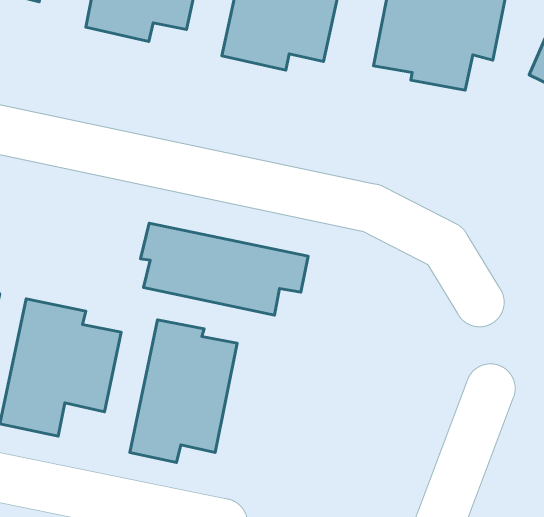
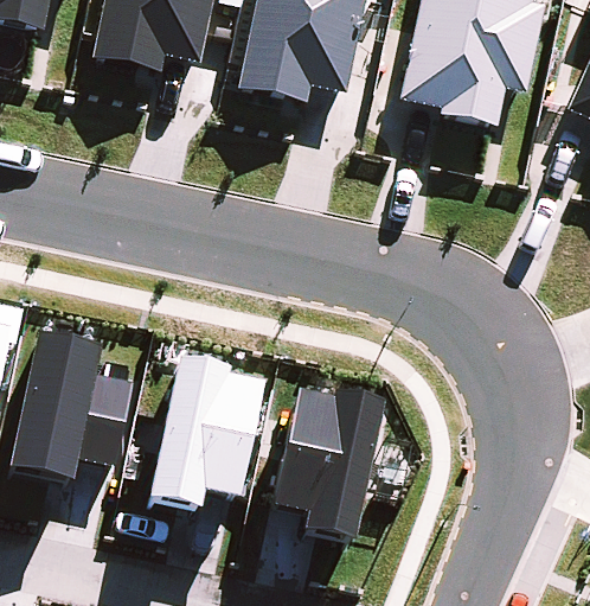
building: [141,223,308,315] -> none
building: none -> [270,400,378,549]

